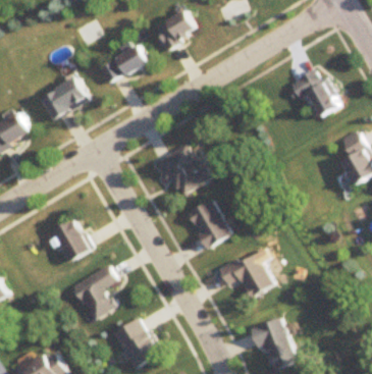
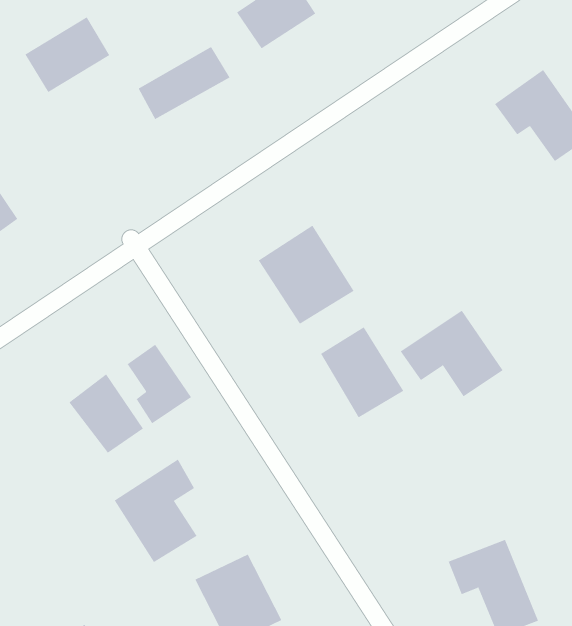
building: [41,77,87,117] -> [25,17,110,93]
building: none -> [127,344,192,424]
building: [220,251,275,298] -> [400,310,504,397]

